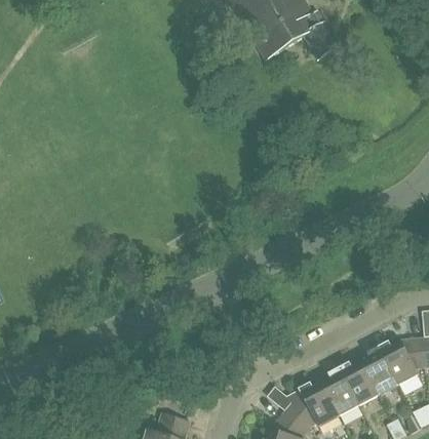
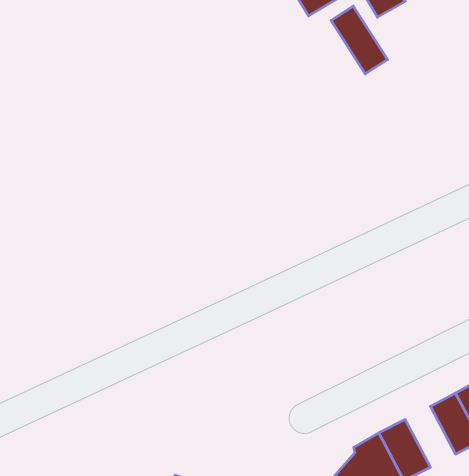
building: none -> [331,6,388,74]
building: [340,357,379,404] -> none

